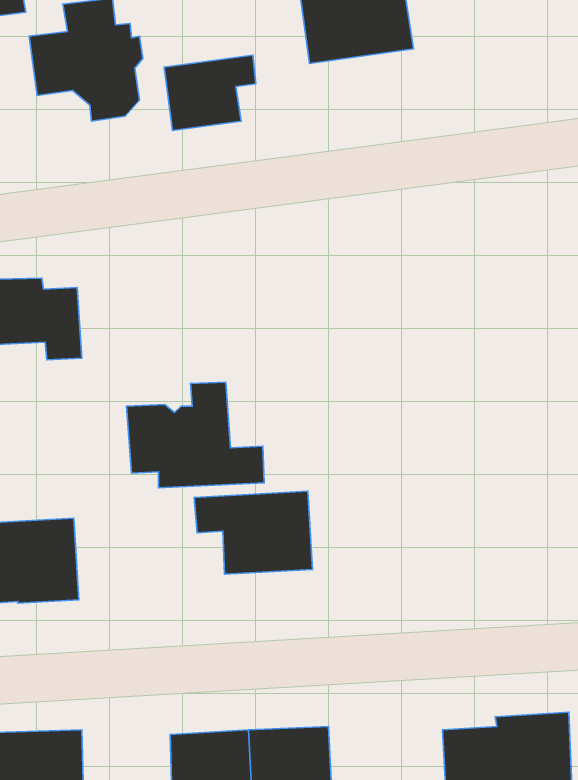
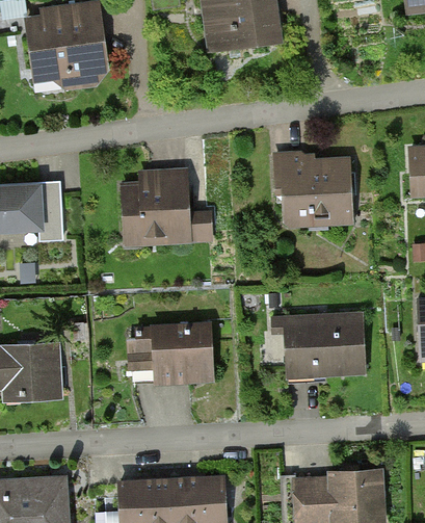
building: [164,55,256,130] -> none
building: none -> [275,156,352,220]
building: [127,382,264,488] -> [122,172,211,240]
building: none -> [273,315,365,373]

